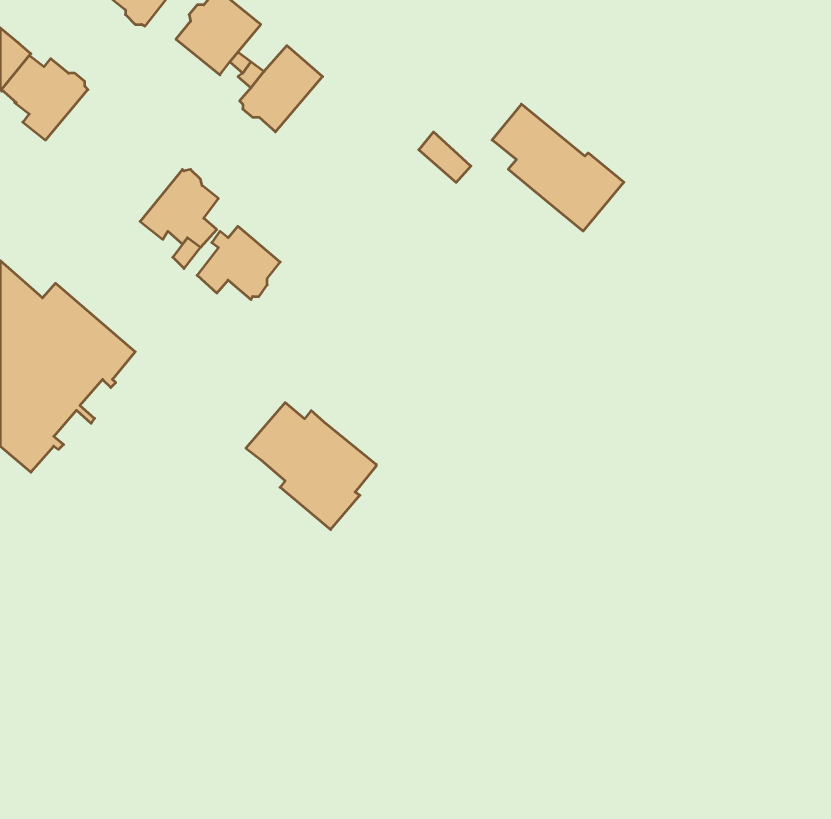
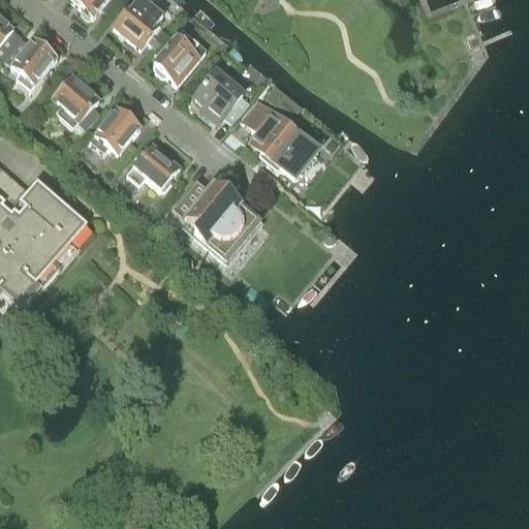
building: none -> [194,65,249,121]
building: [492,104,624,231] -> [240,98,323,179]
building: none -> [52,75,99,127]
building: [246,403,376,530] -> [172,179,254,259]

